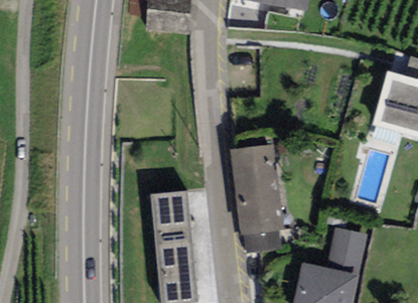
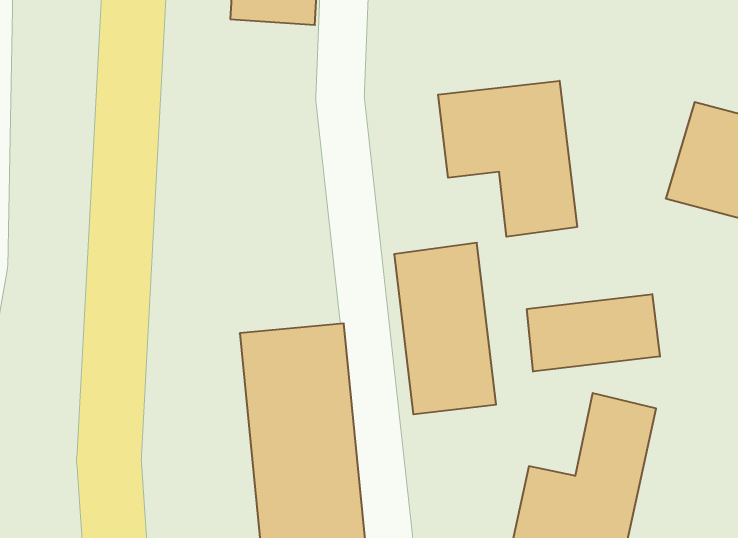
building: none -> [438,81,577,237]
building: none -> [527,294,660,372]

